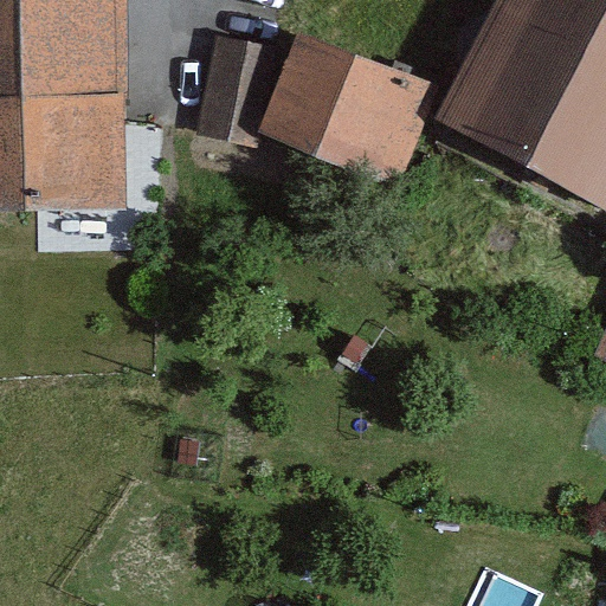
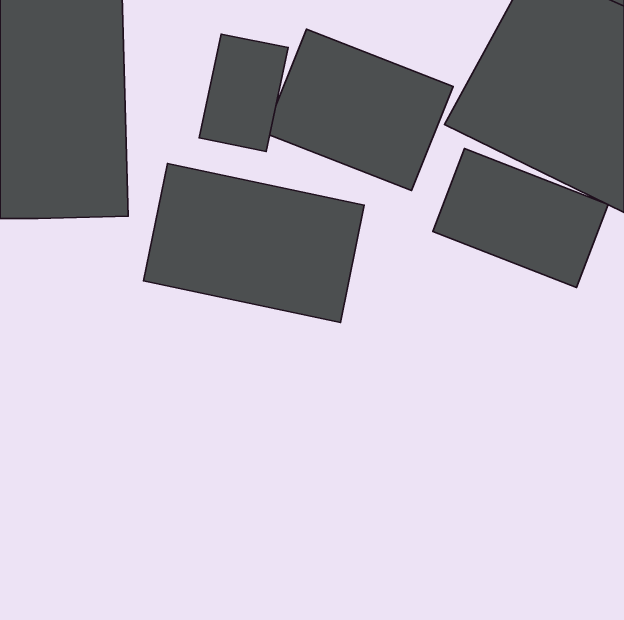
building: none -> [433,148,608,288]
building: none -> [144,163,364,323]

